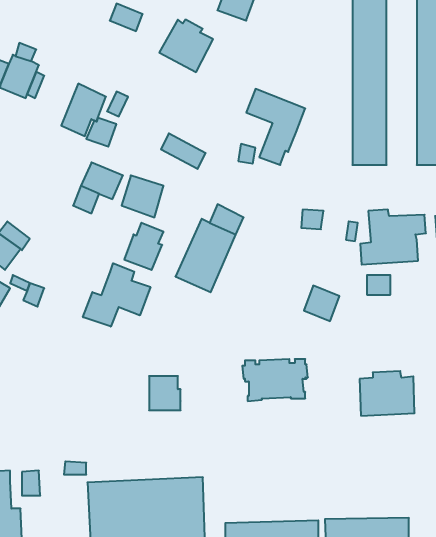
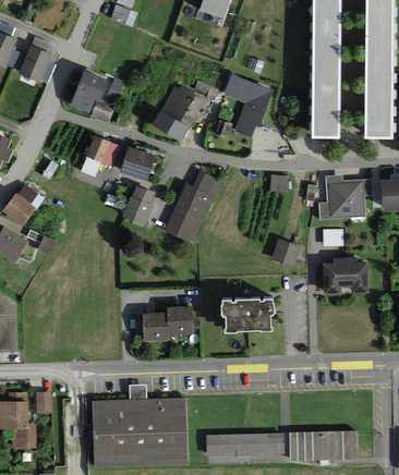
building: [159,20,213,72] -> [159,84,204,127]
building: [83,263,150,327] -> none
building: none -> [166,306,193,333]
building: [360,371,415,416] -> [323,257,368,294]

